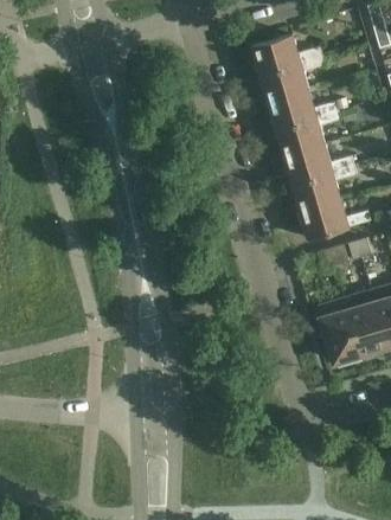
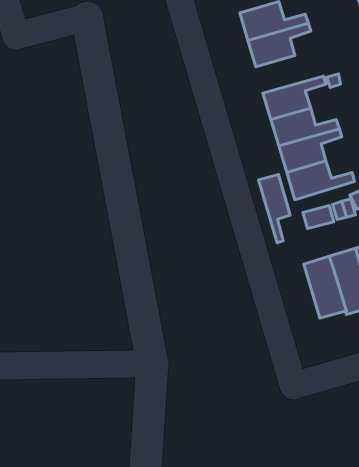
building: [267,92,336,131] -> none
building: none -> [258,175,290,243]

